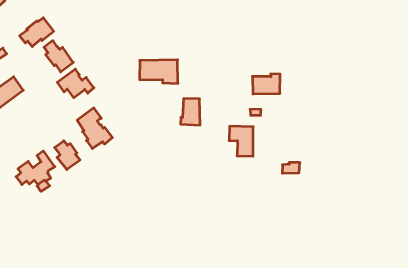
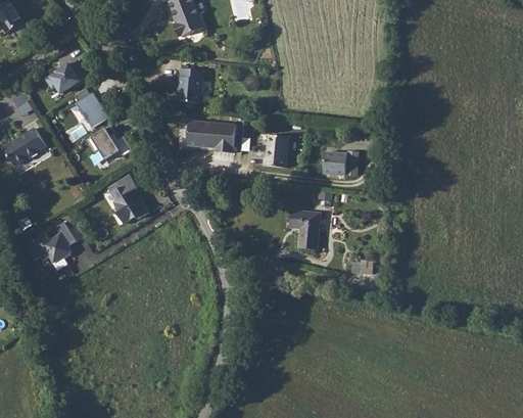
building: none -> [177,67,203,102]
building: [181,99,200,125] -> [263,134,288,168]
building: [55,141,80,170] -> none

